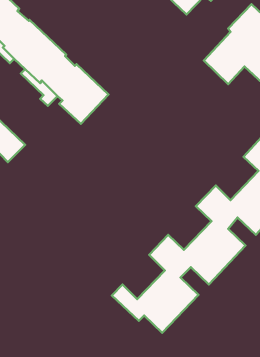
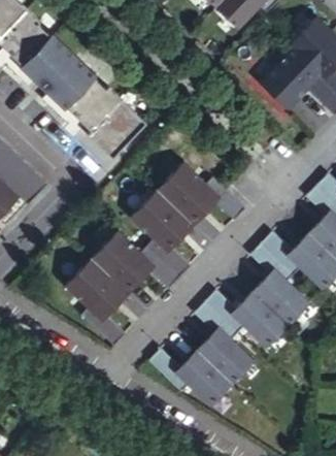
building: none -> [63,163,245,347]

